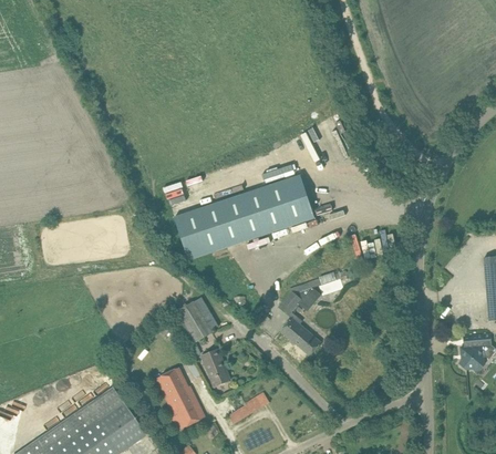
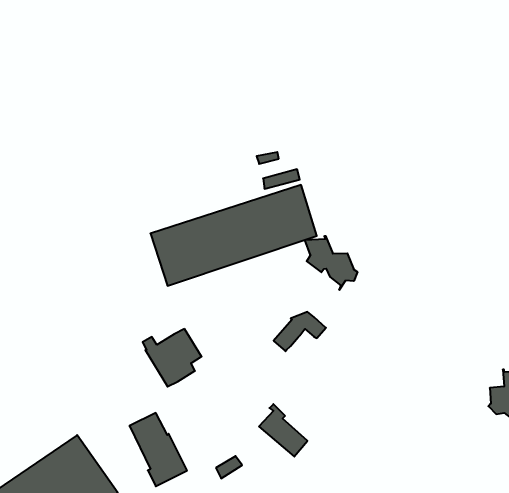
building: none -> [305,236,357,290]
building: [280,311,321,355] -> [259,404,307,457]
building: [202,349,230,386] -> none

